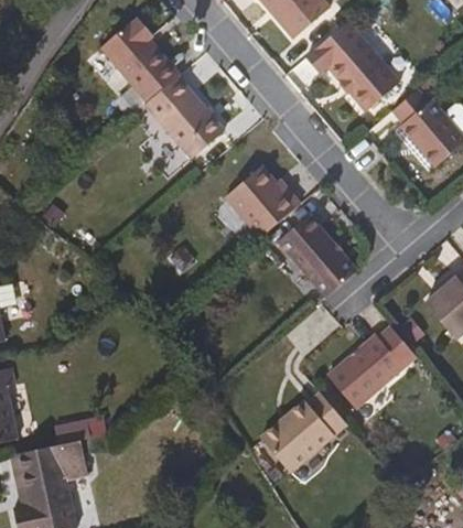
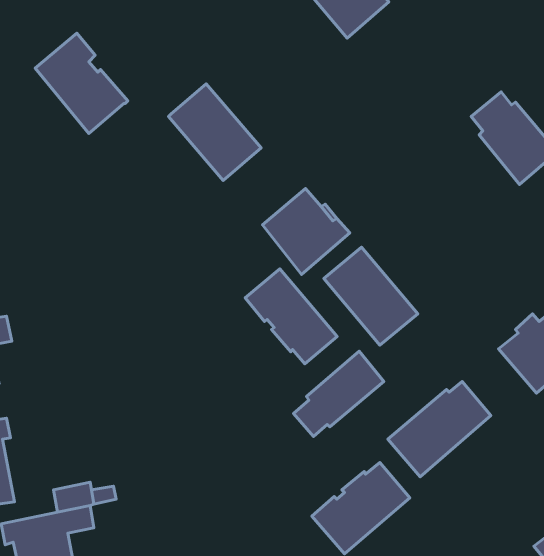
building: [314,18,407,108] -> none
building: [101,19,180,104] -> [35,33,128,134]
building: none -> [245,269,337,364]
building: none -> [293,351,384,436]

